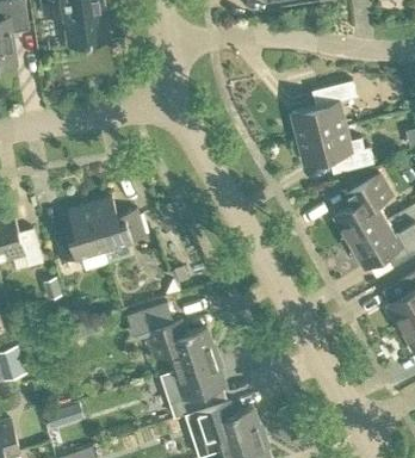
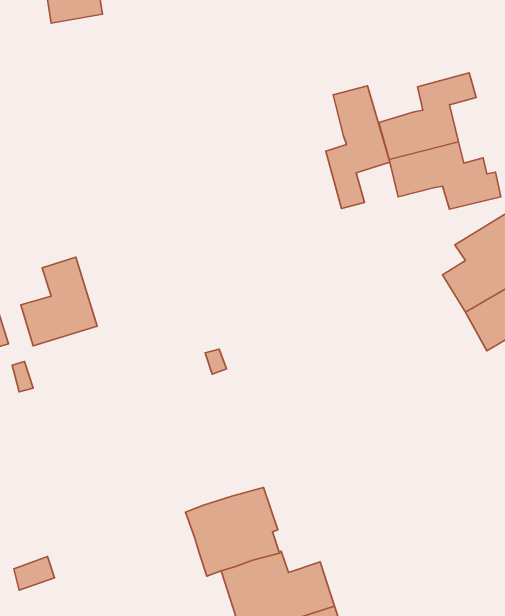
building: none -> [326,86,390,208]
building: [87,198,165,255] -> none
building: [126,303,213,371] -> none

